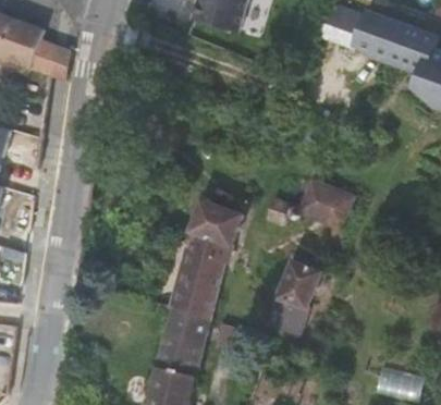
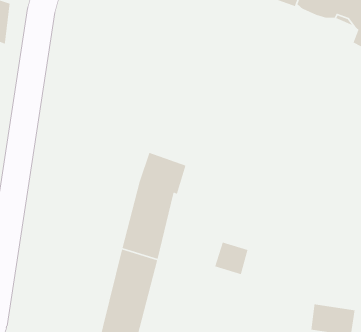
building: [264,183,352,230] -> none
building: [280,258,322,308] -> none

